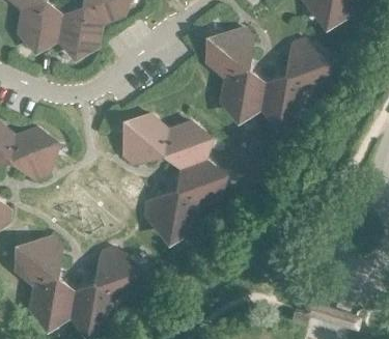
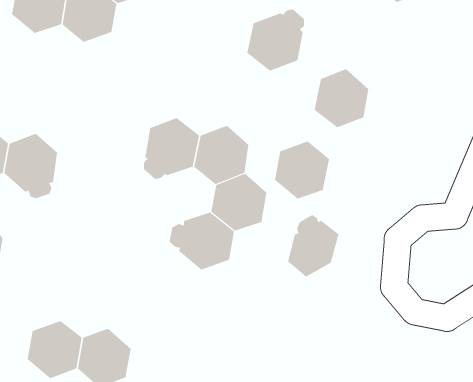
building: [285,38,330,91] -> none
building: [220,68,265,115] -> [274,141,330,199]
building: none -> [287,214,339,277]
building: [15,235,61,285] -> none
building: [94,247,139,300] -> none

